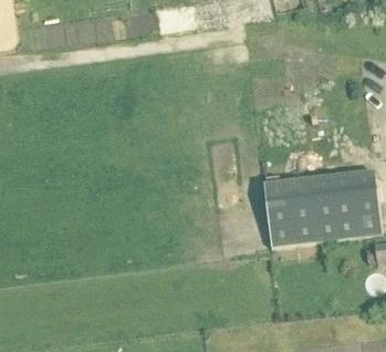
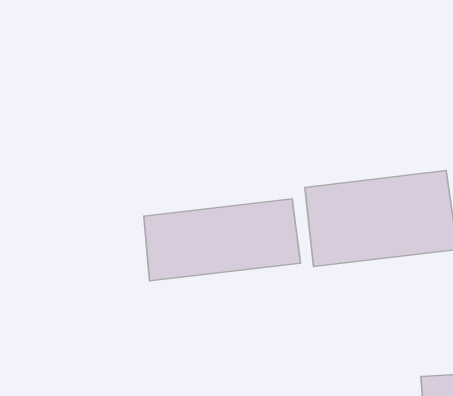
building: none -> [144,199,301,281]

